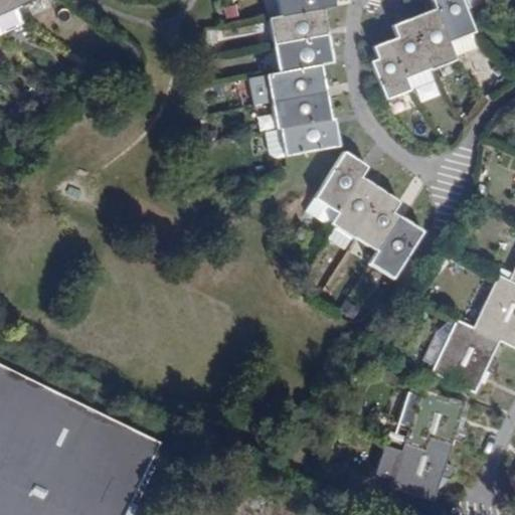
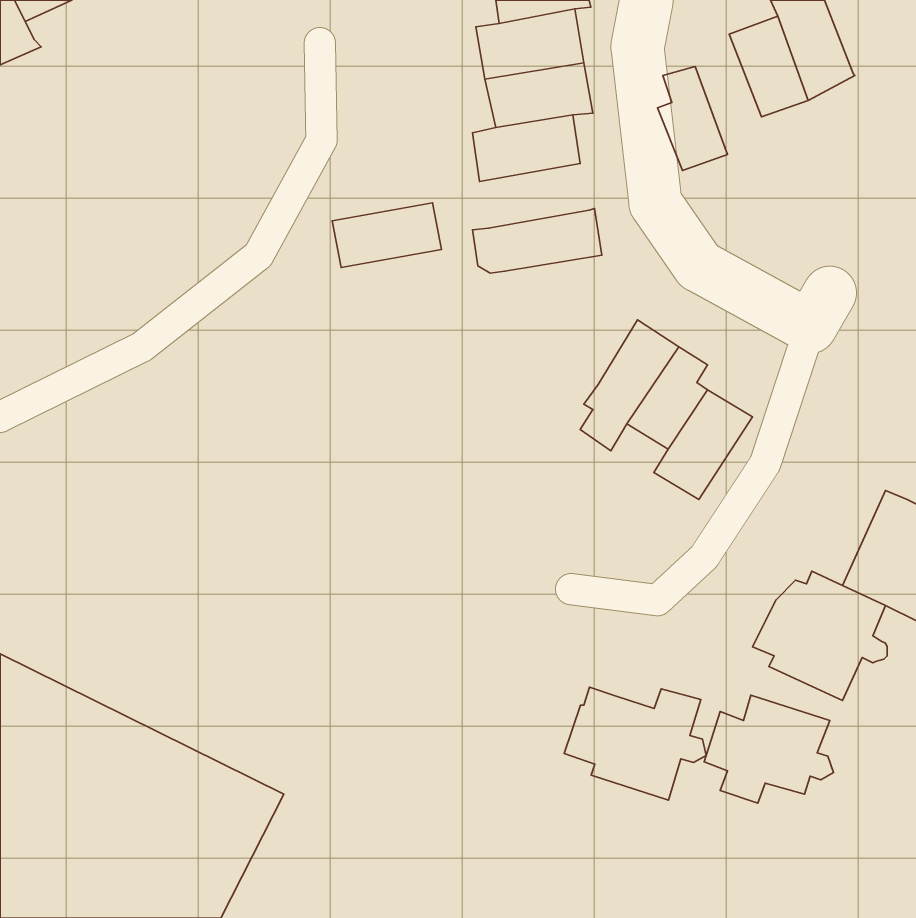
building: [390,19,432,87] -> none
building: [270,92,331,128] -> [332,203,442,268]
building: [312,153,365,215] -> none
building: [375,438,455,501] -> [564,687,706,800]

